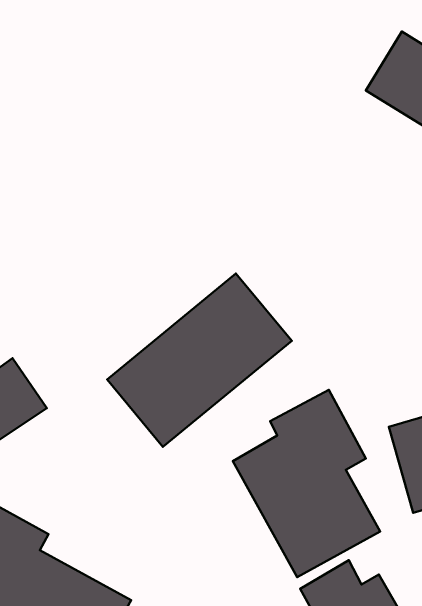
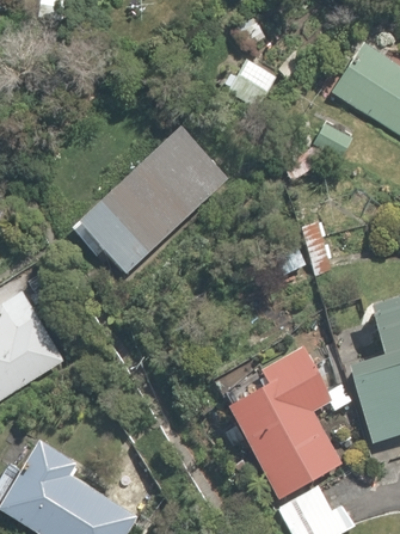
building: [107,274,292,447] -> [75,125,229,270]

